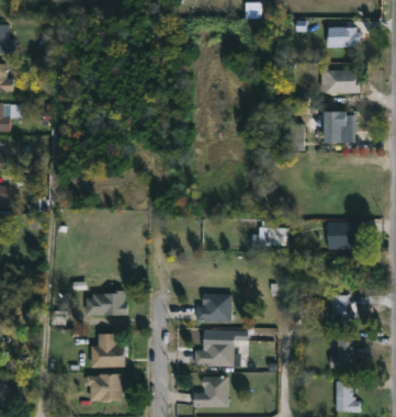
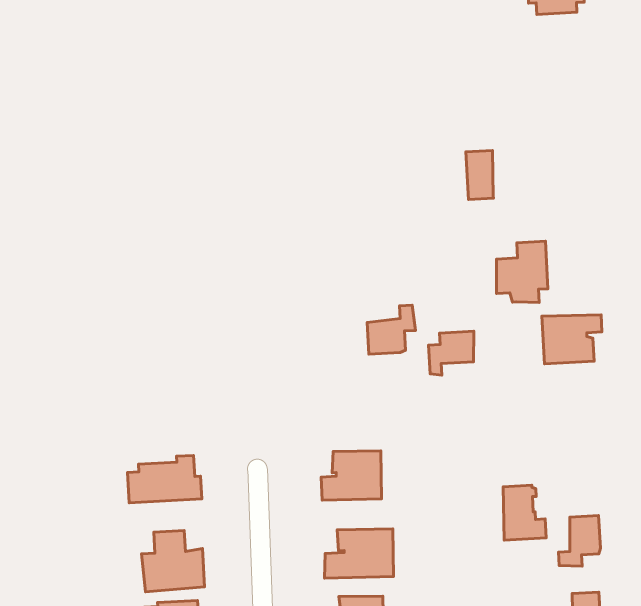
building: [323,70,362,93] -> none
building: [325,115,354,150] -> [497,241,548,303]
building: none -> [367,305,416,354]
building: [331,295,355,326] -> [503,485,546,540]

